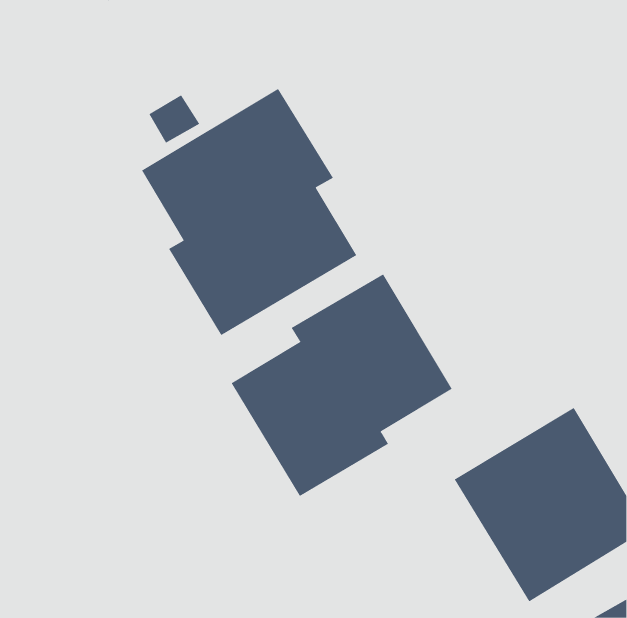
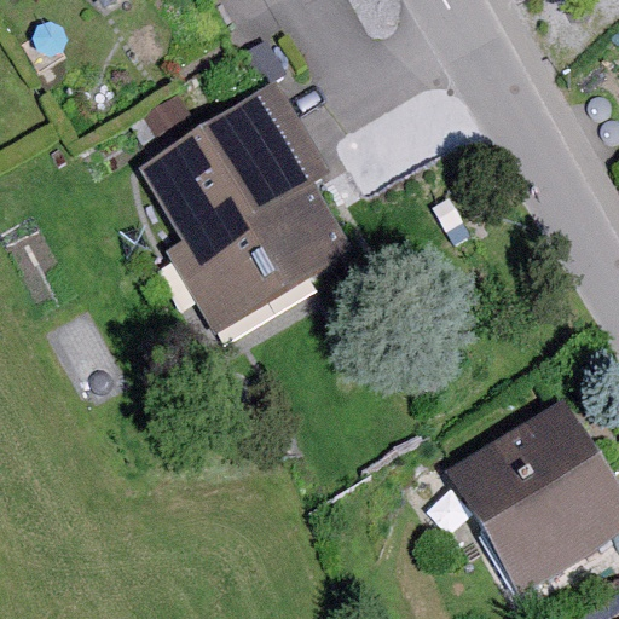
building: [231,274,453,497] -> none

